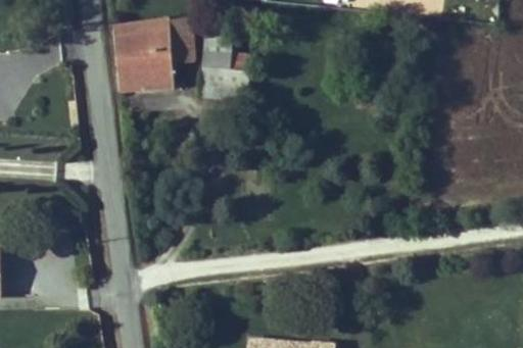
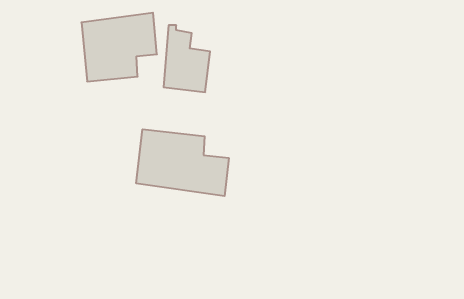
building: none -> [136,129,229,196]

